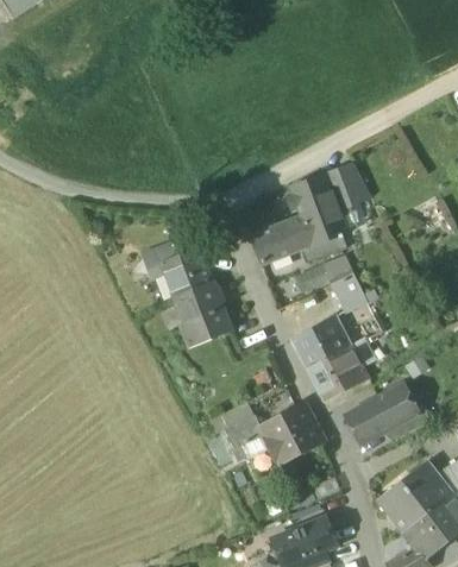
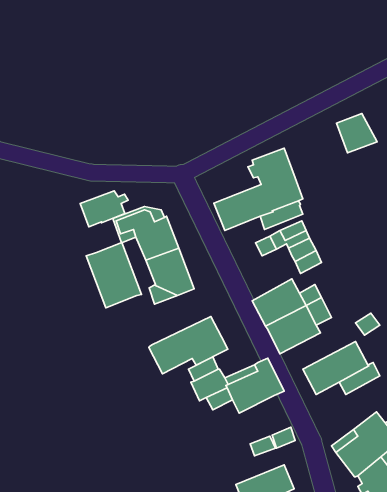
building: [326,165,370,208] -> [337,113,377,153]
building: none -> [80,191,128,227]
building: none -> [86,243,142,308]
building: none -> [149,317,228,374]

